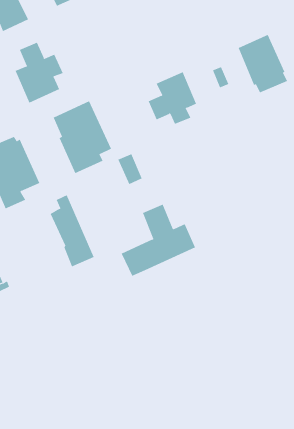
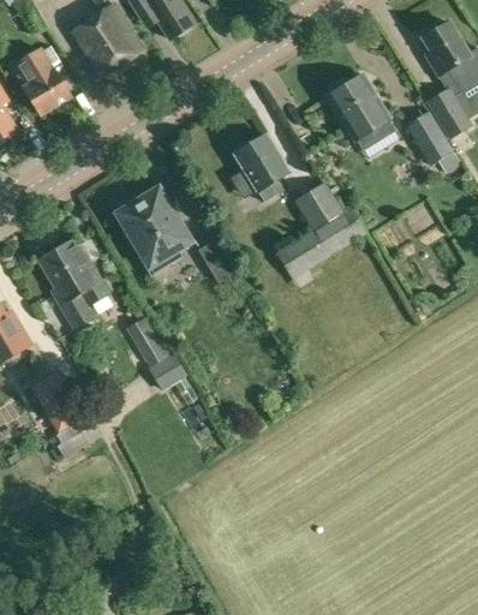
building: [15,42,64,103] -> none
building: [121,204,196,277] -> [275,184,365,277]

